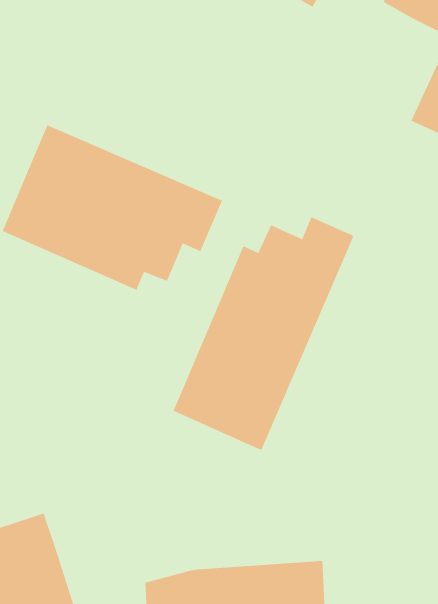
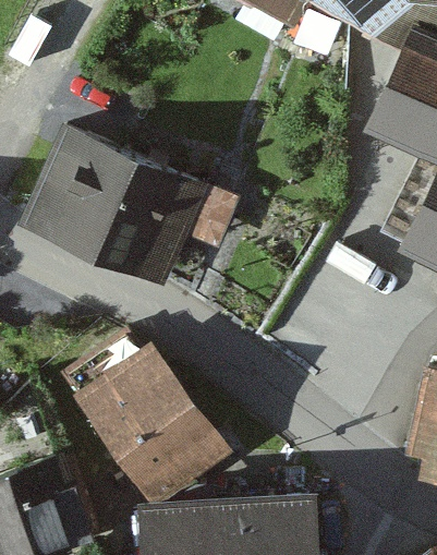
building: [173,217,354,451] -> none
building: none -> [64,331,222,500]

